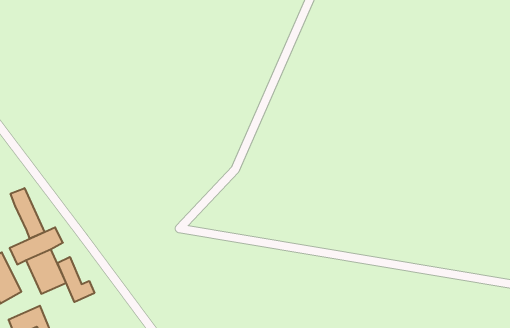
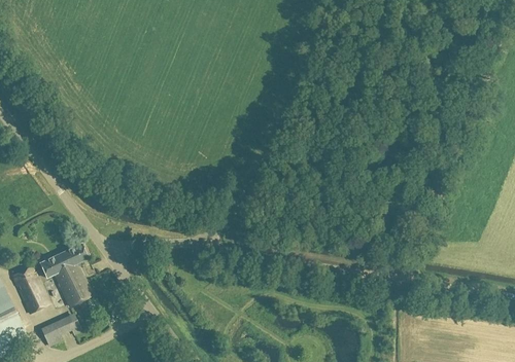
building: [11,188,44,239] -> none
building: [57,257,94,302] -> none

